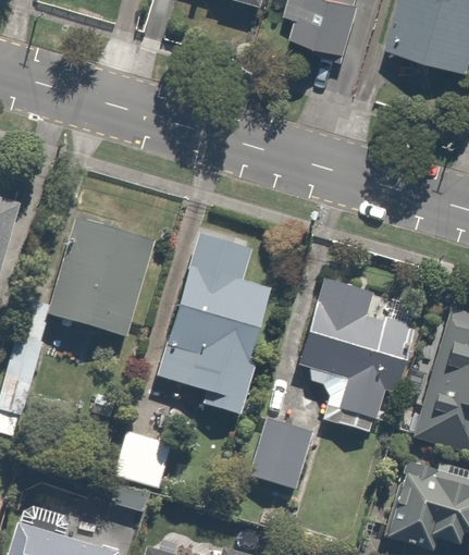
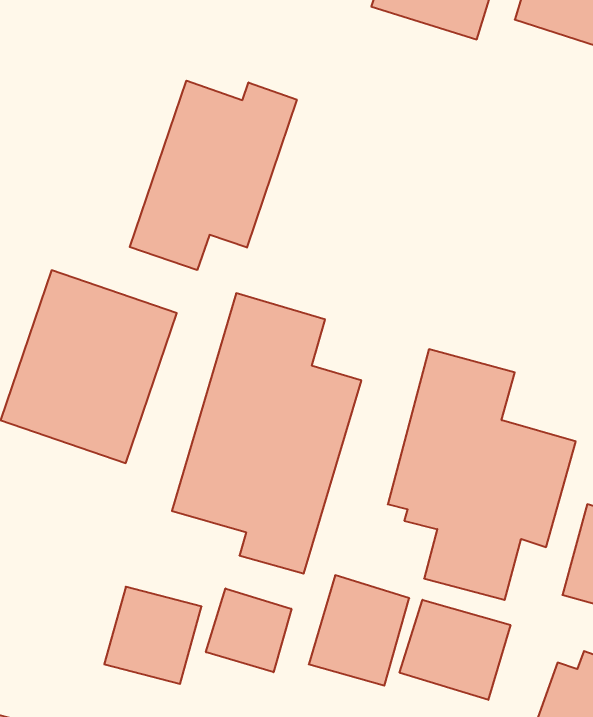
building: none -> [130,81,297,270]
building: none -> [206,588,291,672]
building: none -> [400,600,510,700]

